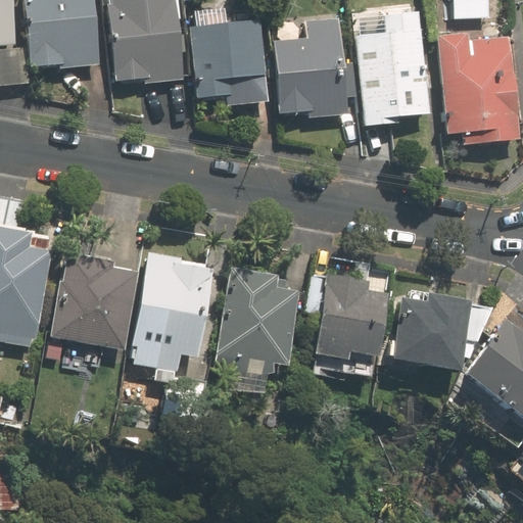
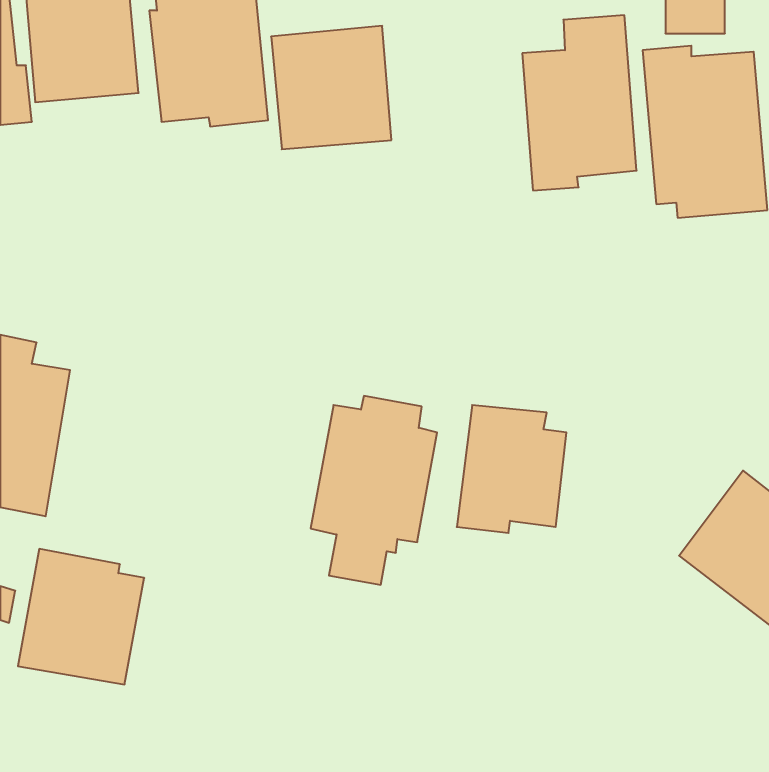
building: [274,17,355,118] -> none
building: [127,248,211,385] -> none
building: [51,257,136,348] -> [18,549,144,684]
building: [382,288,471,370] -> none

